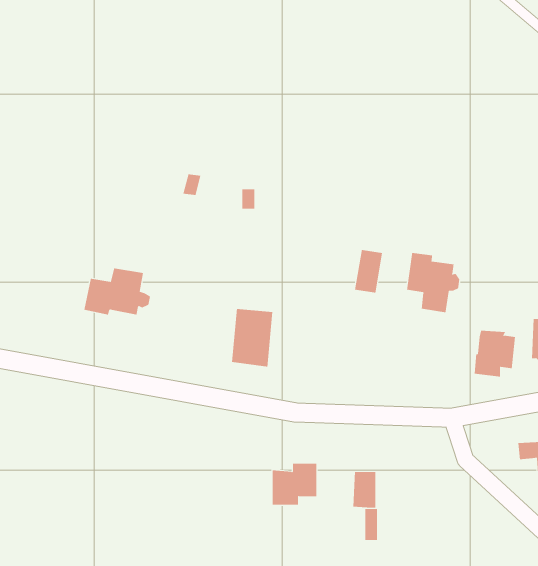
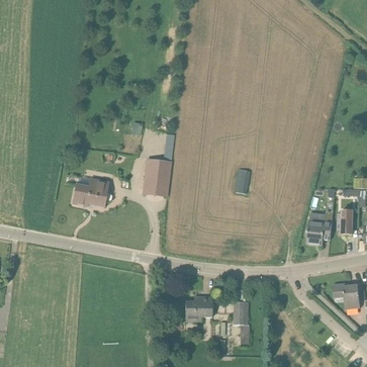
building: [407,252,460,313] -> none
building: [231,308,273,367] -> [145,159,170,194]

